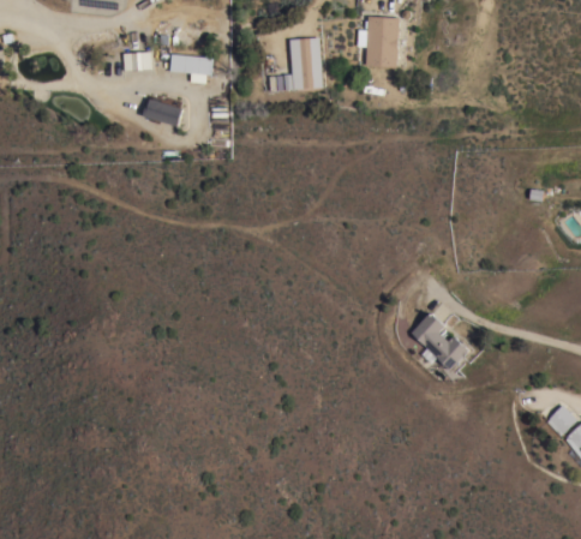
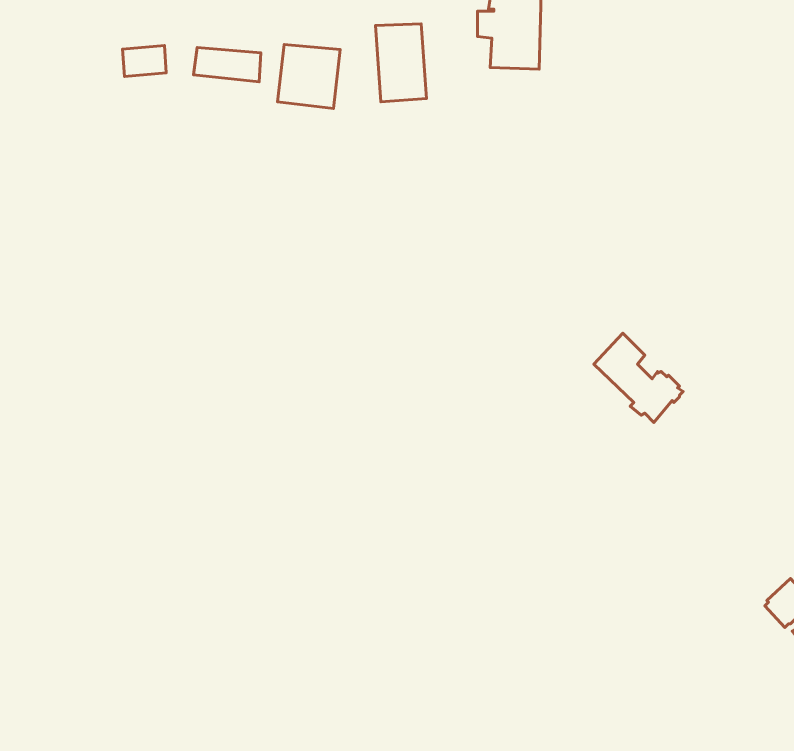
building: none -> [278,44,340,108]
building: [139,98,179,127] -> none
building: [411,311,469,370] -> [594,333,683,422]

